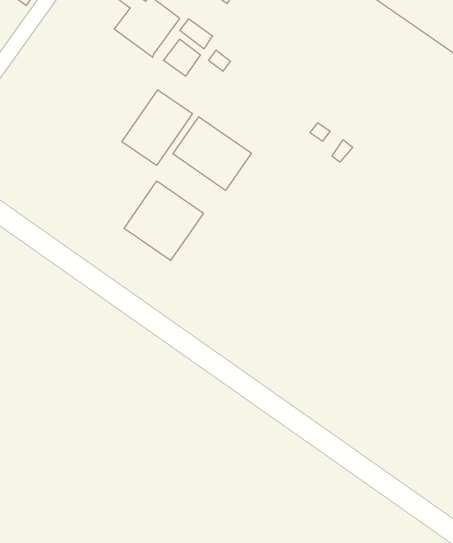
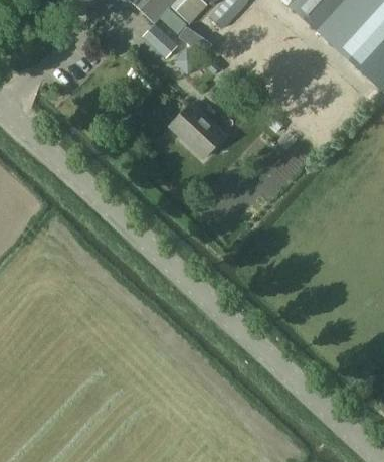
building: [122,90,192,165] -> none
building: [124,181,203,261] -> none

